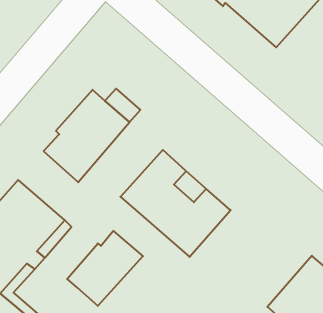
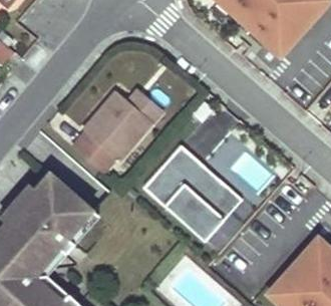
building: [67,231,143,306] -> none

